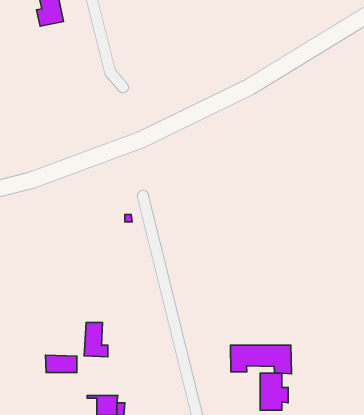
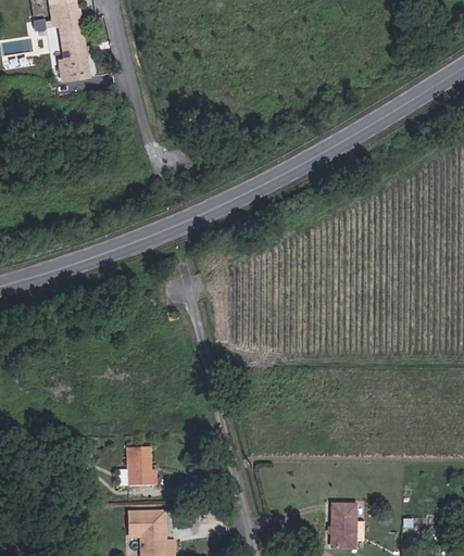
building: [231,345,291,374] -> none
building: [45,355,77,372] -> [123,509,161,530]

